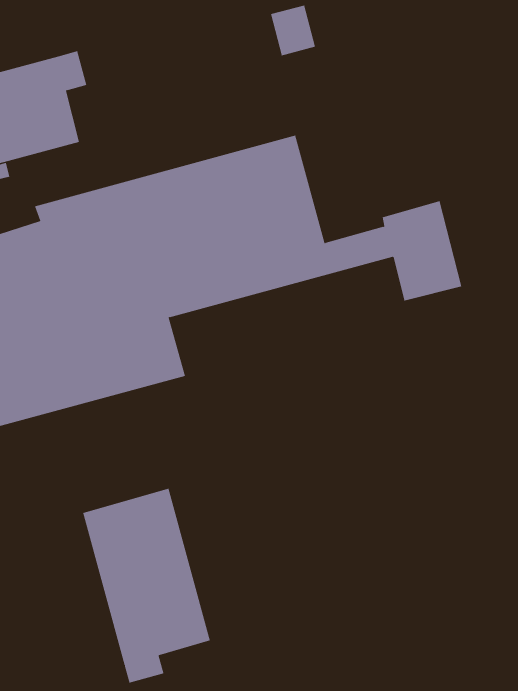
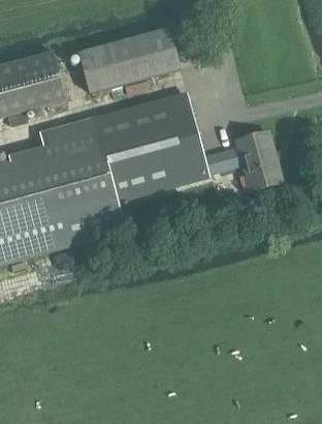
building: none -> [79,27,180,91]
building: [82,488,211,684] -> none

